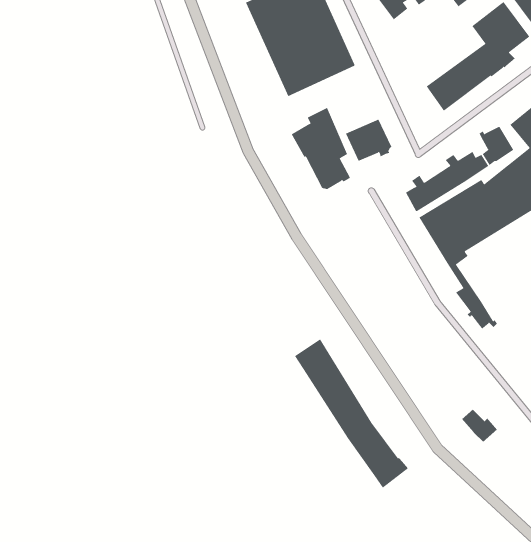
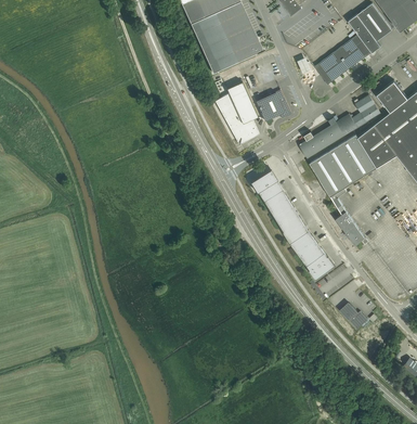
building: [294,338,409,489] -> [251,169,336,280]

